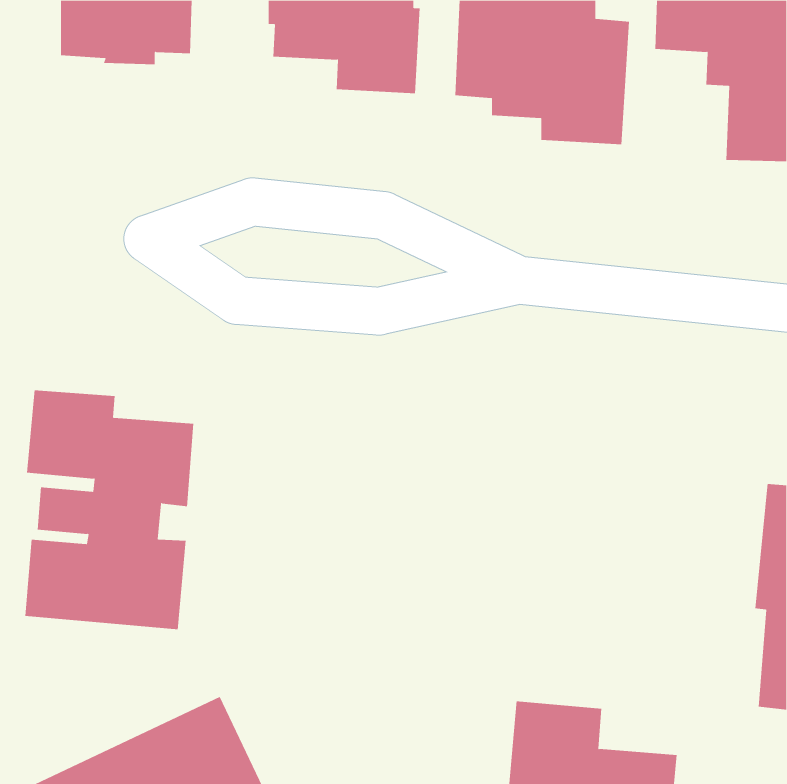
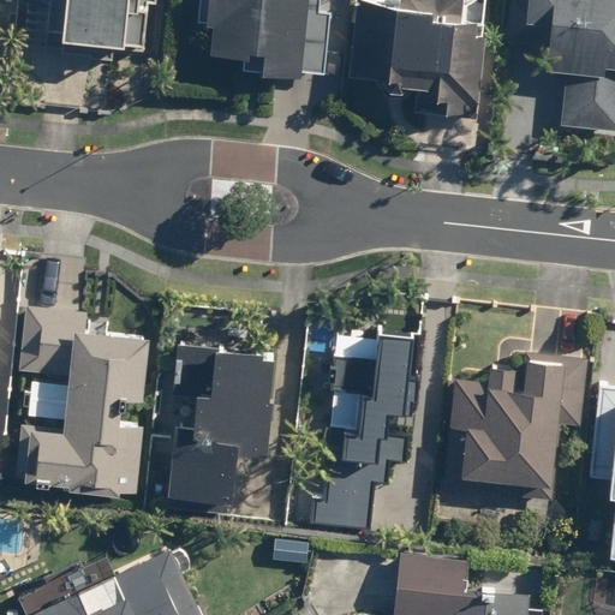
building: none -> [311,329,413,527]
building: none -> [151,340,281,513]
building: none -> [446,353,569,497]

